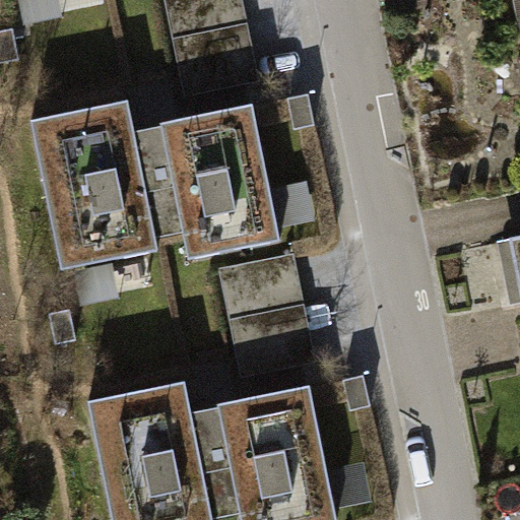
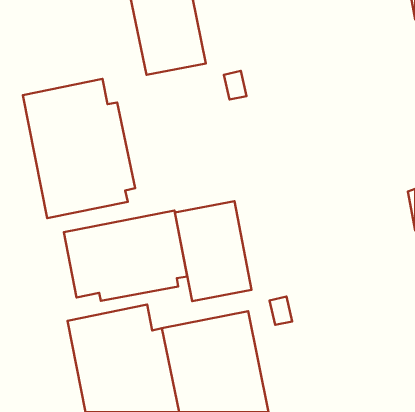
building: [146,106,281,258] -> none
building: none -> [64,211,187,301]

